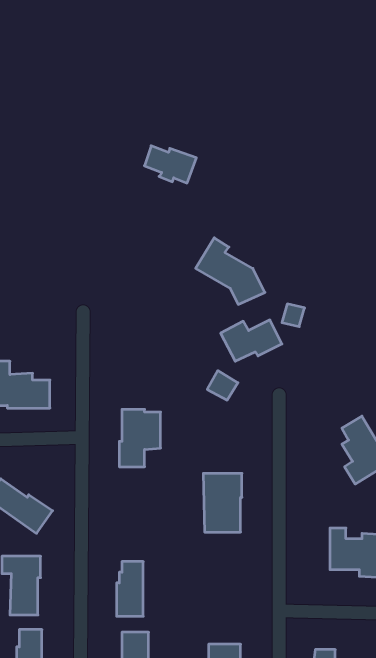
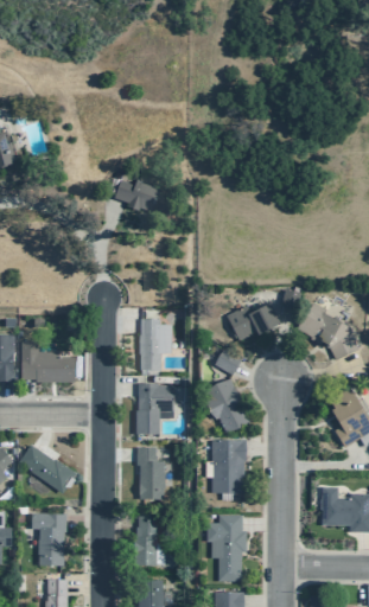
building: [144,146,196,183] -> [114,179,160,212]
building: [196,238,265,304] -> [298,301,360,360]
building: none -> [140,319,172,370]
building: none -> [203,378,250,433]
building: none -> [138,447,165,499]
building: none -> [208,515,247,581]

